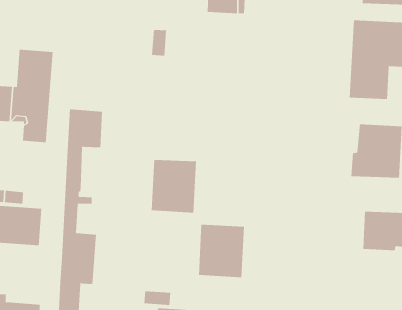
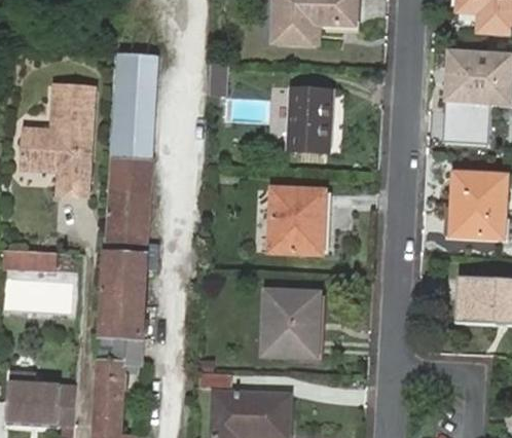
building: none -> [111,51,156,157]
building: none -> [290,86,332,150]
building: none -> [126,199,149,240]
building: [151,159,197,213] -> [271,188,326,252]
building: none -> [120,253,146,303]

